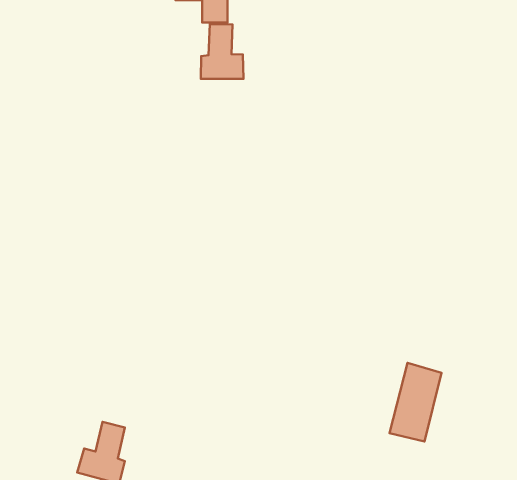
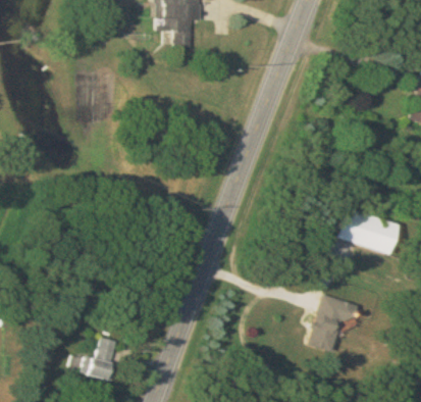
building: [201,24,244,79] -> none
building: none -> [336,208,397,254]

